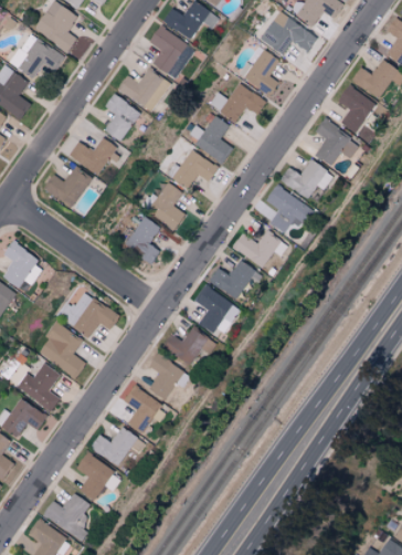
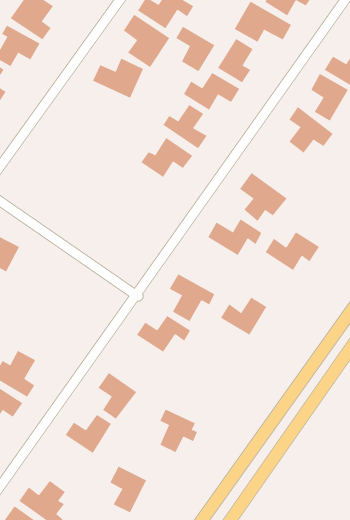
building: none -> [175,26,215,72]
building: [104,94,140,143] -> none
building: [68,138,117,176] -> none
building: [279,160,335,200] -> [265,231,320,271]
building: [43,167,93,209] -> none
building: [148,184,186,231] -> none
building: [125,217,161,264] -> none
building: [208,261,255,300] -> [220,297,267,335]
building: [59,292,119,338] -> none
building: [39,322,84,377] -> none
building: [149,355,188,399] -> [160,409,198,453]
building: [75,454,113,502] -> [110,466,147,513]

